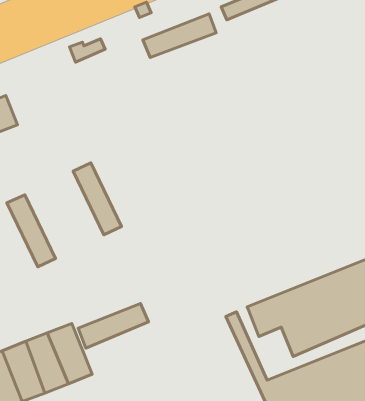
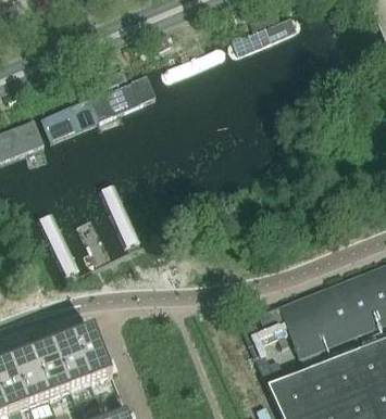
building: none -> [50,80,147,136]
building: [78,304,149,348] -> none

